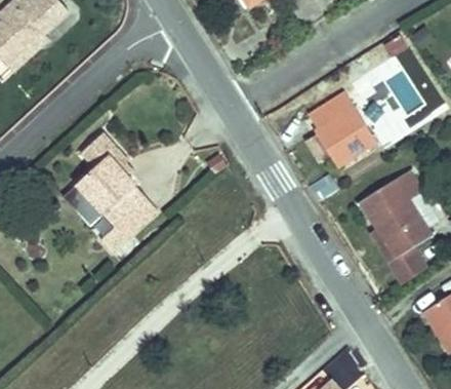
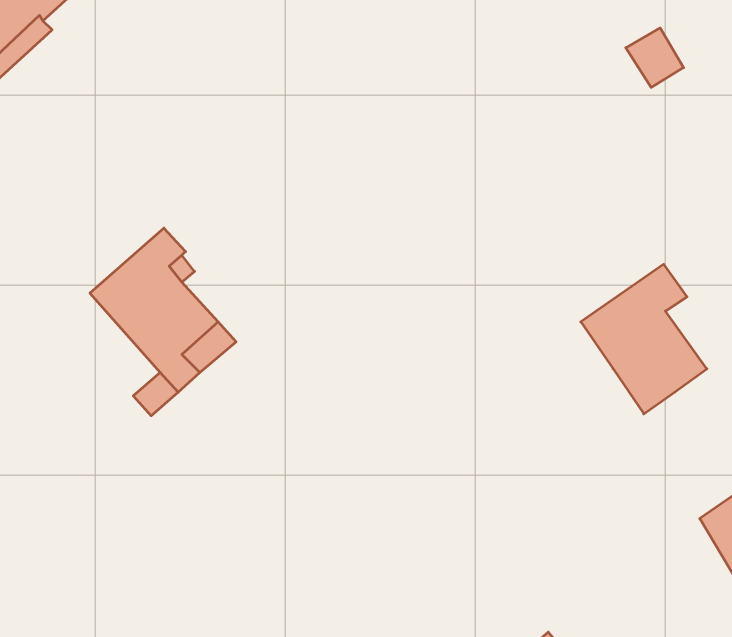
building: [303,89,365,161] -> none
building: [366,228,424,283] -> none

